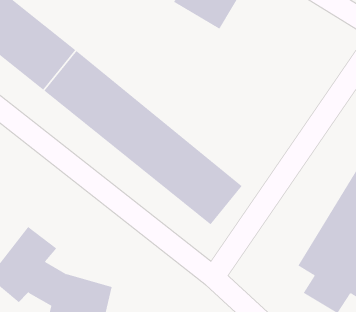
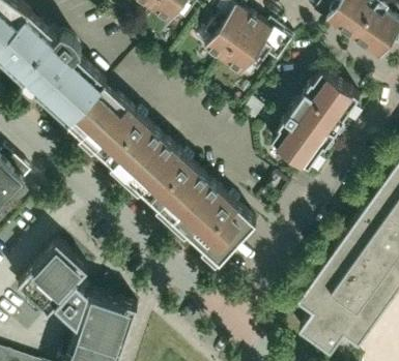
building: none -> [274,76,354,166]

